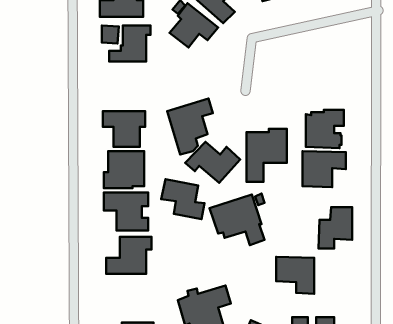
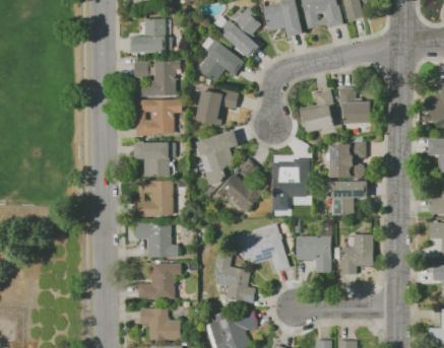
building: none -> [196,86,239,126]
building: none -> [338,87,375,124]
building: none -> [302,89,335,132]
building: none -> [136,99,182,135]
building: [161,179,205,219] -> [214,264,256,302]
building: [276,257,314,294] -> [296,235,332,271]
building: none -> [139,307,181,339]

